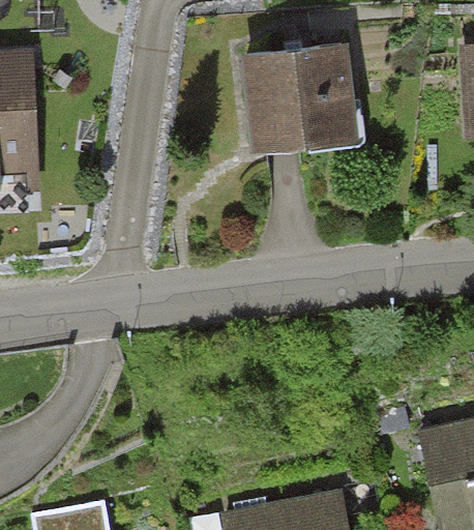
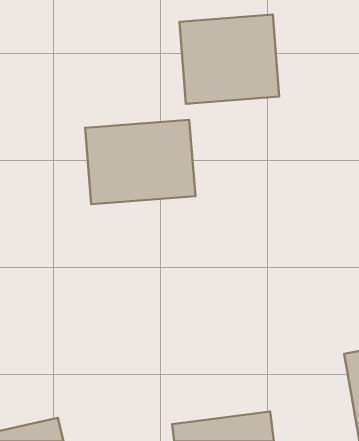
building: none -> [85,120,195,204]

